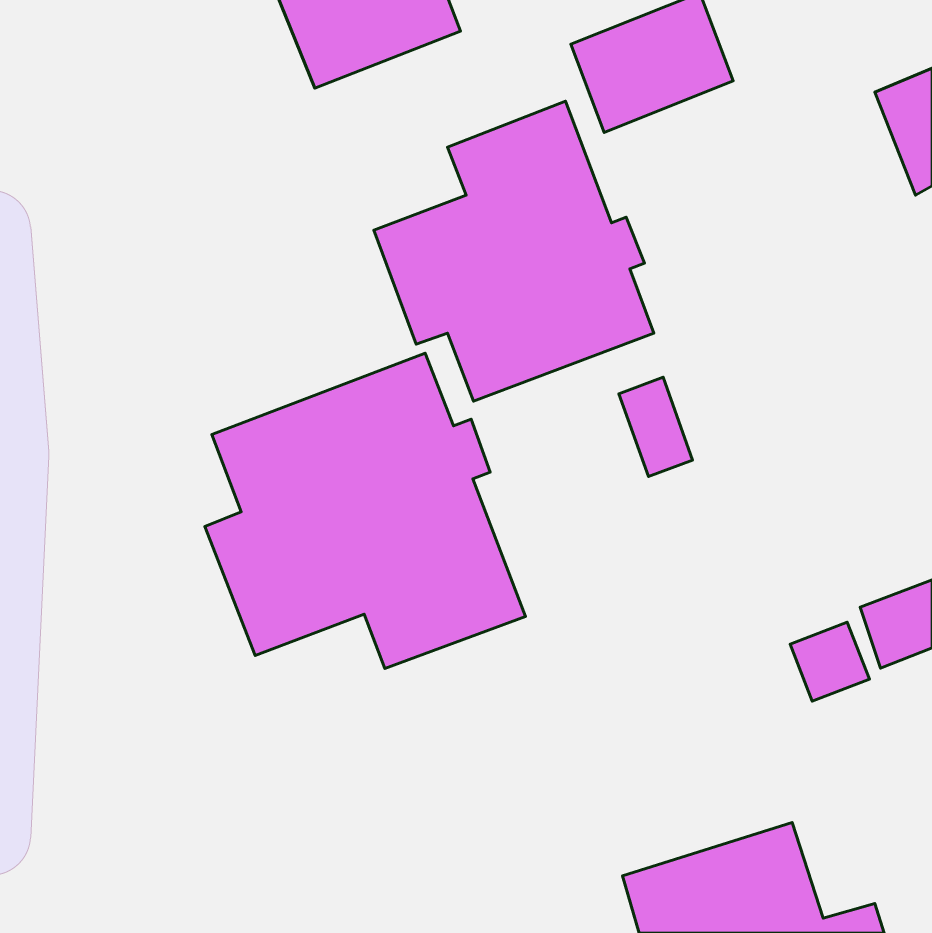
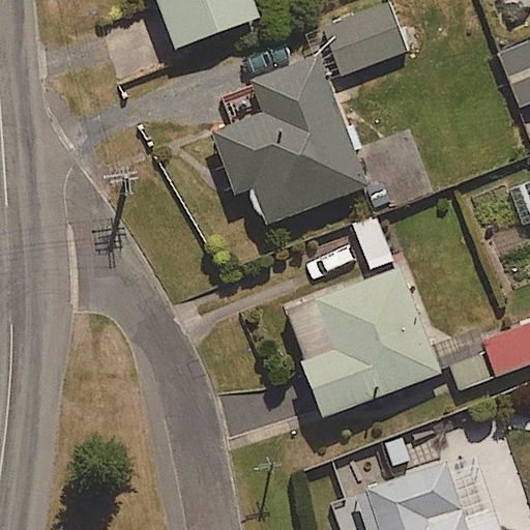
building: [205,353,525,669] -> none
building: none -> [284,265,439,418]

